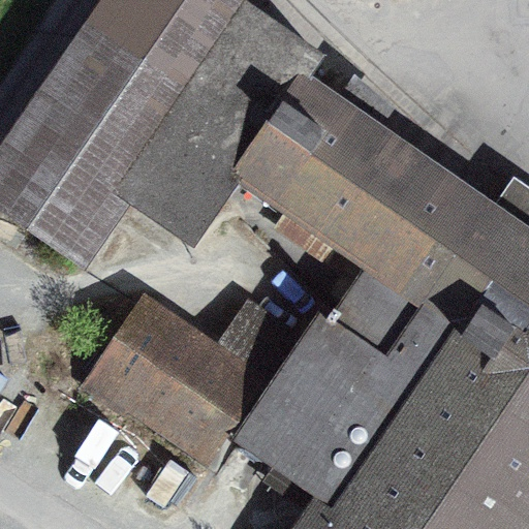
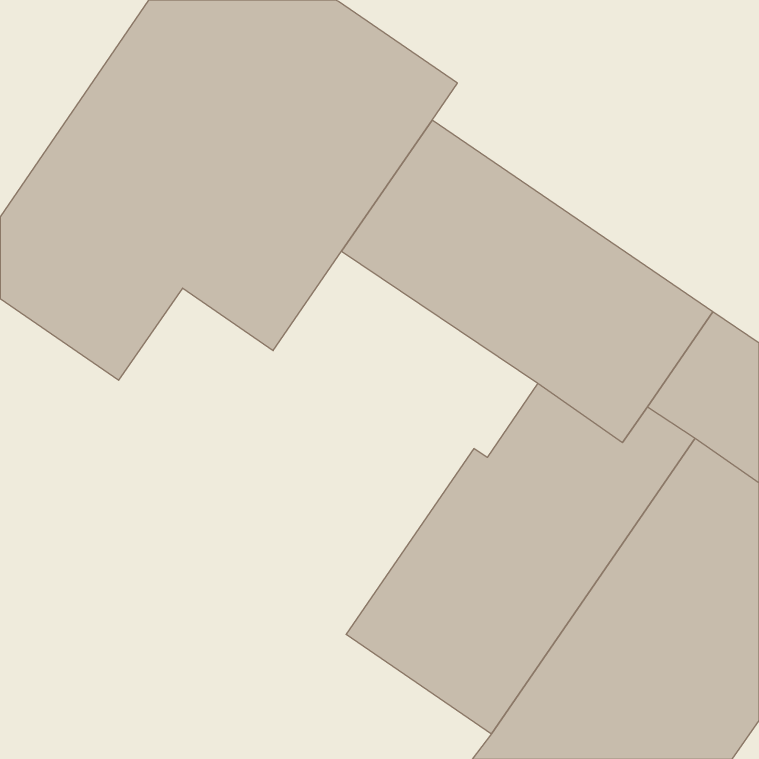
building: [89,306,279,452] -> none

